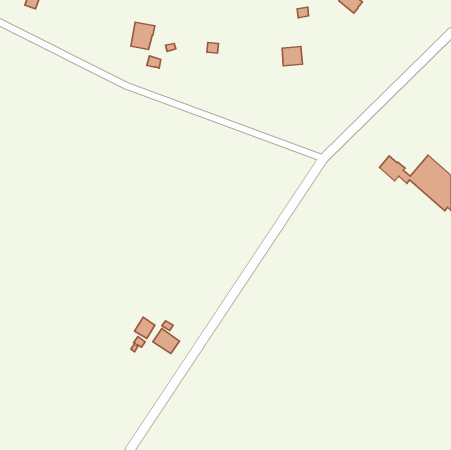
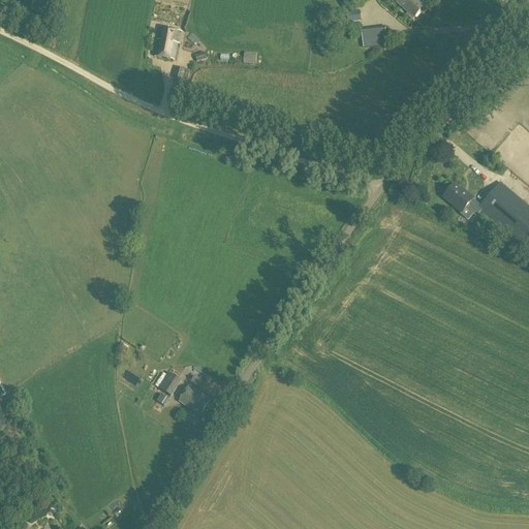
building: [282,46,303,66] -> [362,24,385,46]

